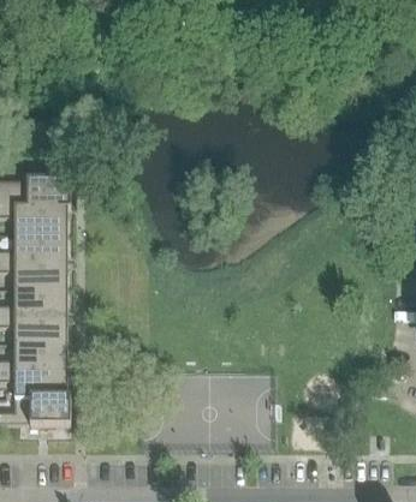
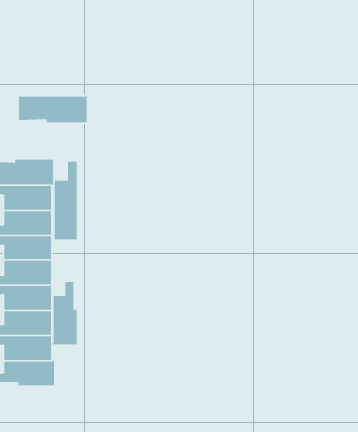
building: none -> [18,95,87,123]
building: none -> [54,161,78,240]
building: none -> [52,281,77,345]

